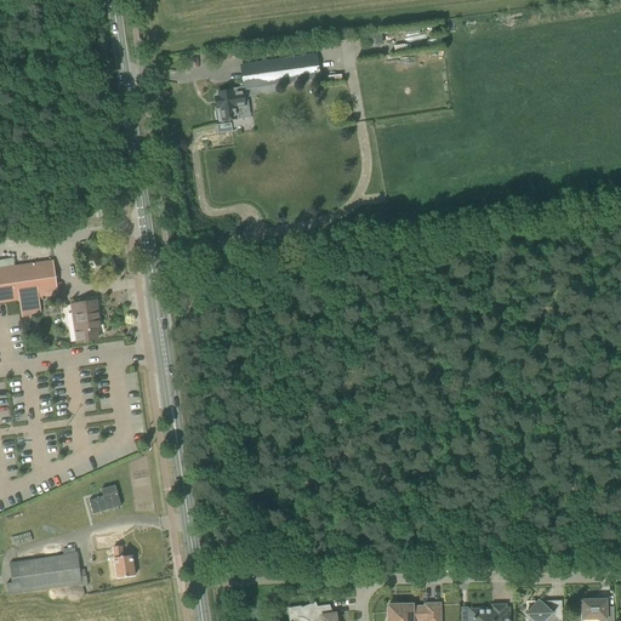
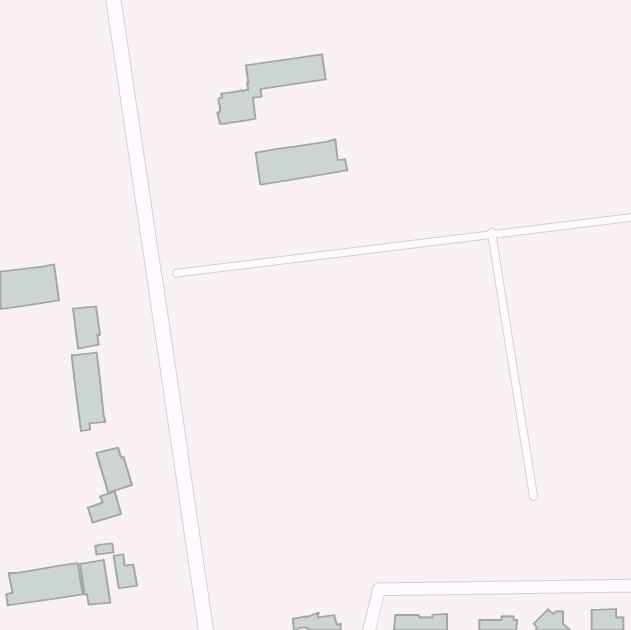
building: none -> [256,139,347,185]
building: none -> [72,352,105,431]
building: none -> [96,448,132,493]
building: none -> [80,560,110,605]

